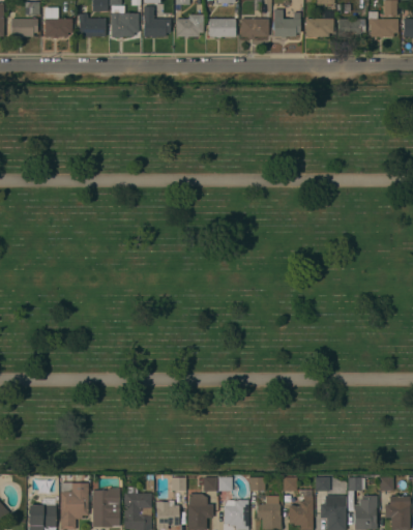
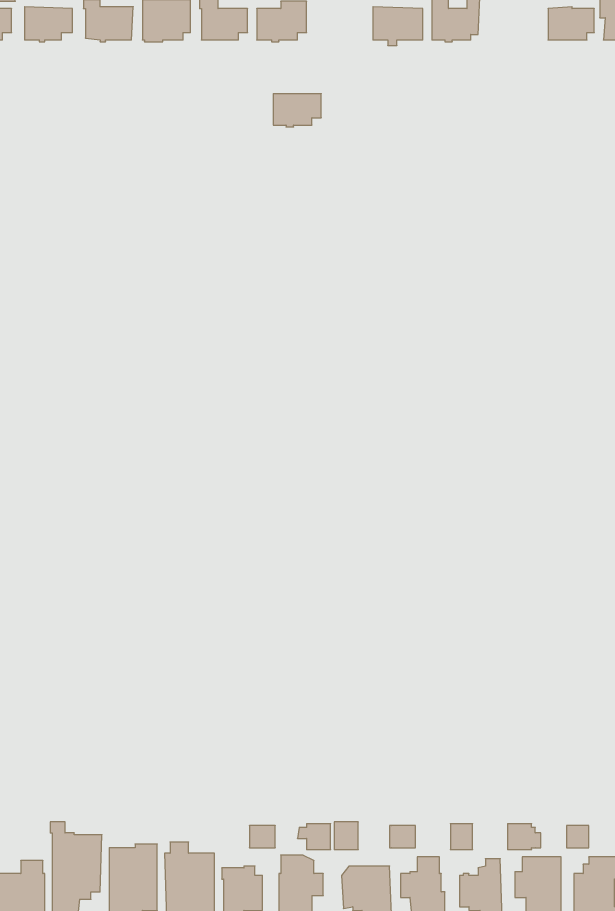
building: [208,19,235,37] -> [273,94,321,127]
building: [305,19,332,37] -> none

